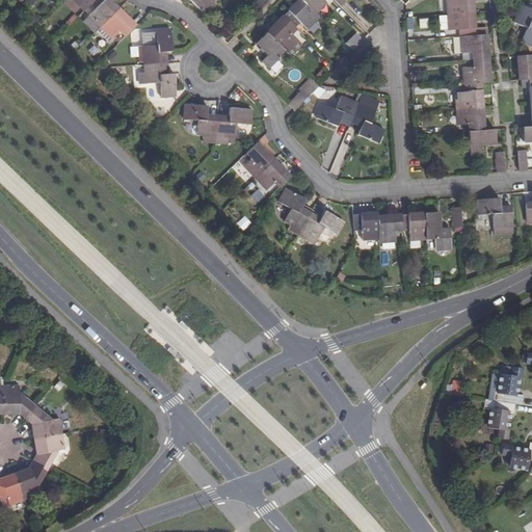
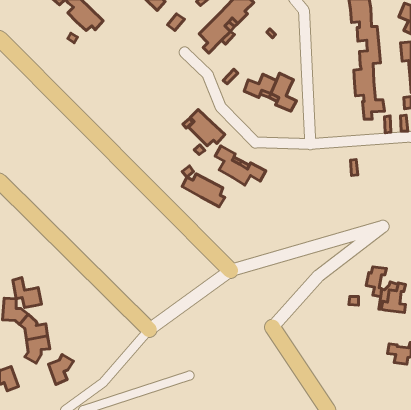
building: [141,27,176,95] -> none
building: [179,106,245,135] -> none
building: [477,196,512,225] -> none
building: [352,211,450,241] -> none
building: none -> [182,174,225,207]
building: none -> [13,277,42,308]
building: [488,400,514,438] -> [366,267,386,297]
building: [15,460,47,499] -> [49,355,74,384]

